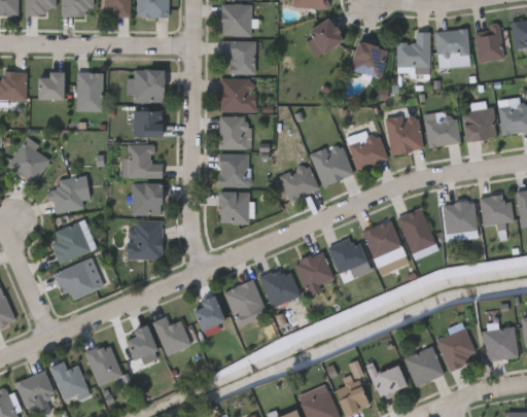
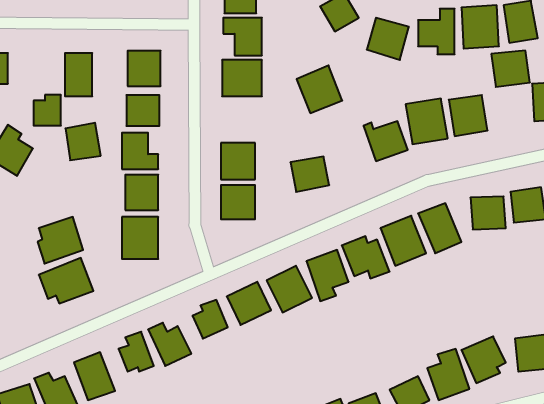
building: [38,71,63,99] -> [34,95,61,126]
building: [461,108,496,141] -> [491,51,530,87]
building: [218,116,250,148] -> none
building: [311,142,352,185] -> [297,65,342,113]
building: [50,178,82,212] -> [65,123,101,160]

